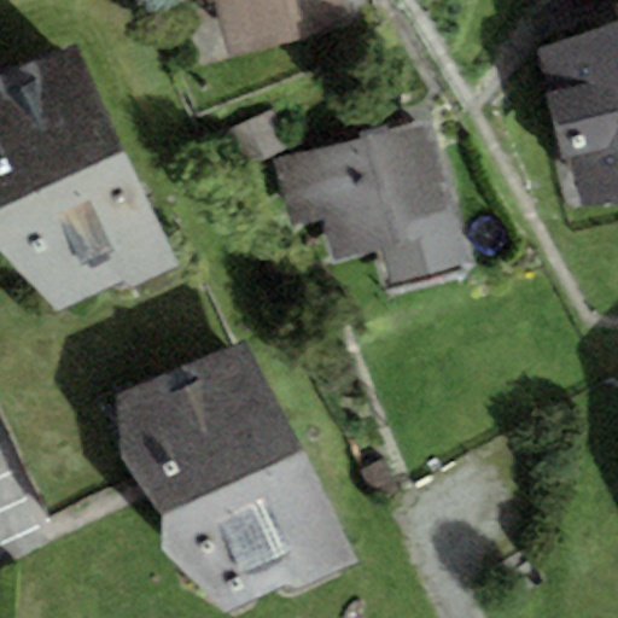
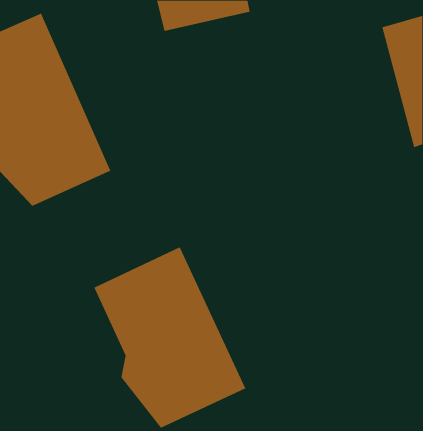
building: [274,124,465,279] -> none

